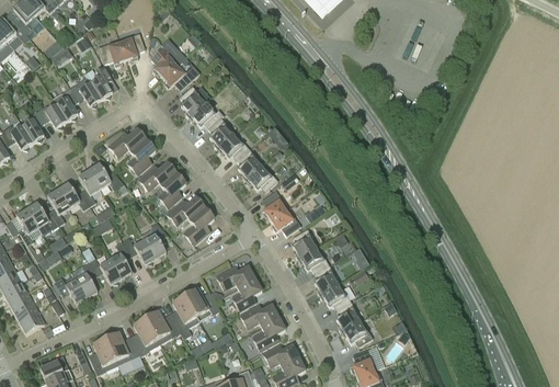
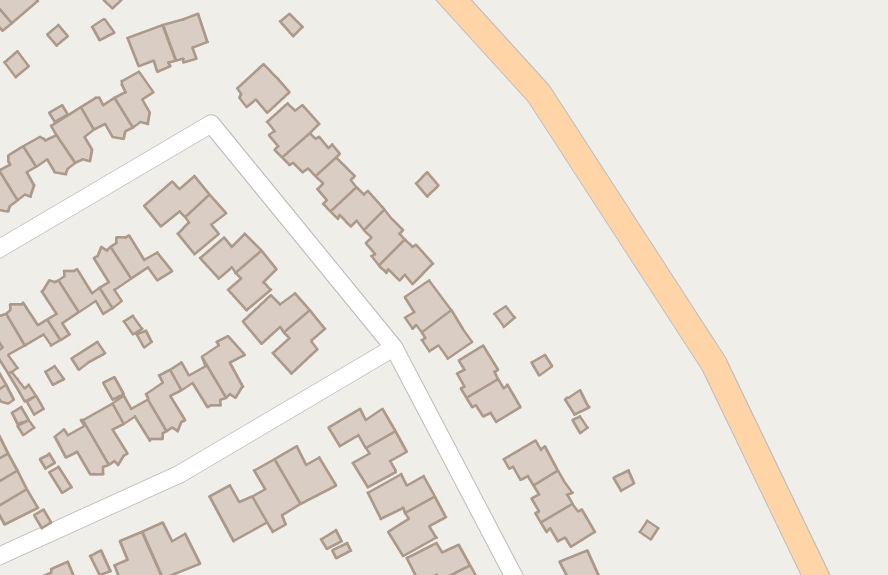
building: [150,37,185,77] -> none
building: [313,264,338,295] -> none
building: [132,317,160,356] -> none

